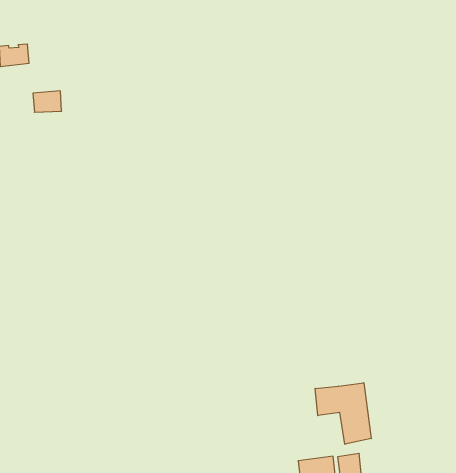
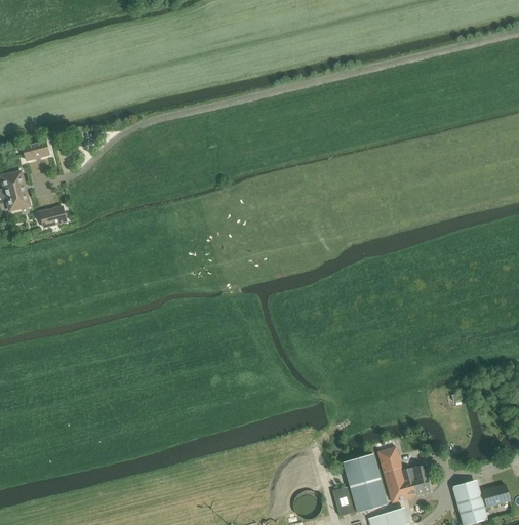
building: [33,91,62,112] -> [39,205,67,228]
building: [315,383,371,444] -> none

